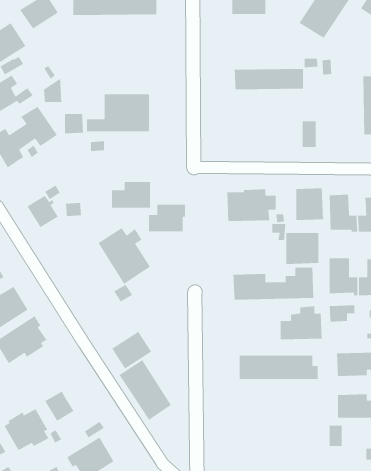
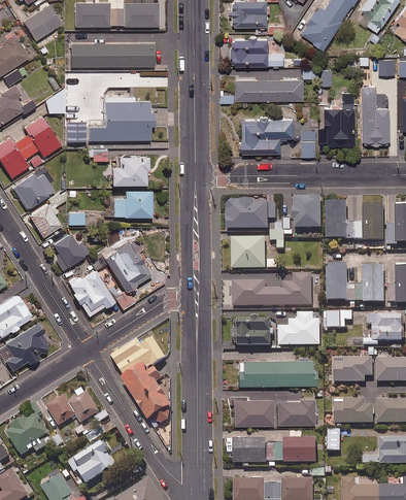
building: none -> [229,35,281,64]
building: none -> [70,42,154,65]
building: none -> [320,91,353,144]
building: none -> [238,116,292,152]
building: none -> [11,172,54,206]
building: [148,204,186,232] -> [110,155,147,182]
building: none -> [50,232,88,271]
building: [286,232,319,265] -> [232,236,265,268]
building: none -> [67,268,114,316]
building: none -> [238,318,271,345]
building: none -> [68,387,99,423]
building: none -> [233,399,272,424]
building: none -> [276,399,314,424]
building: none -> [234,437,316,462]

